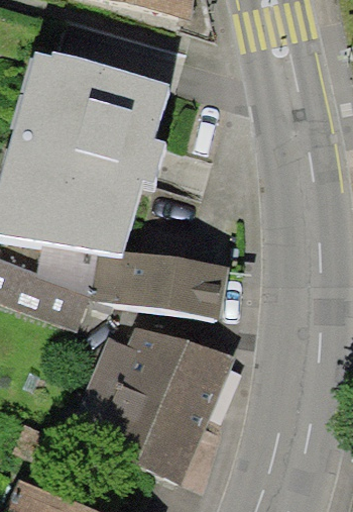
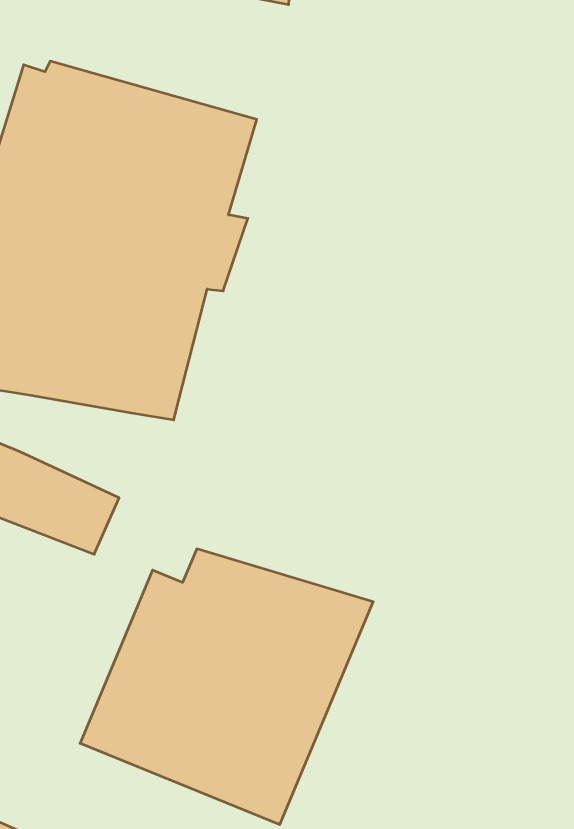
building: [36,240,230,321] -> none

